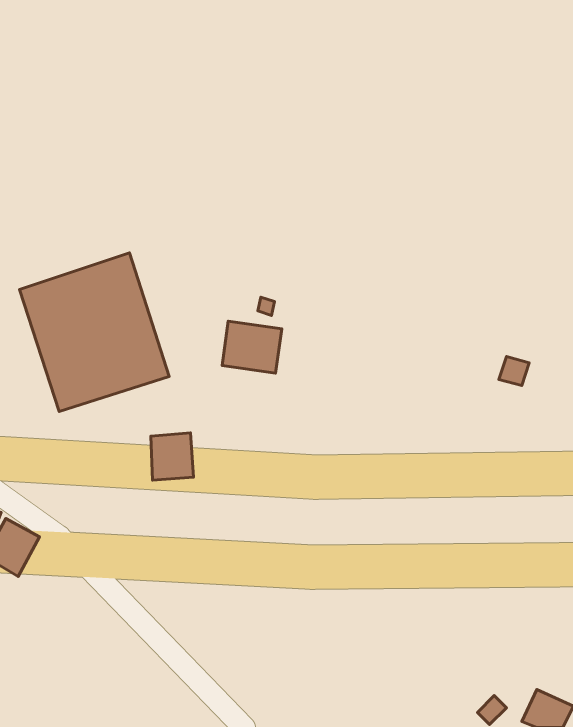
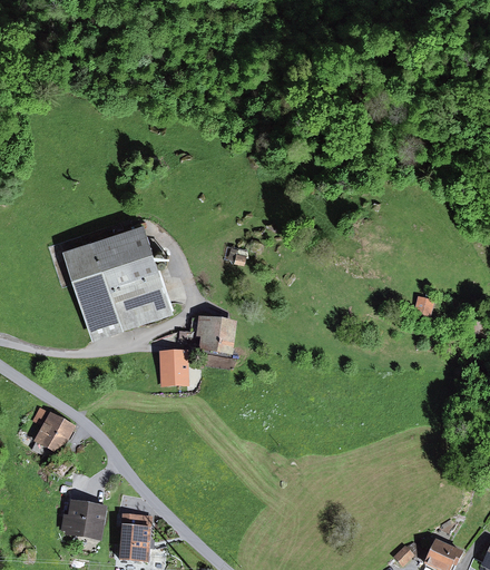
building: [222,321,282,373] -> [194,318,237,356]
building: none -> [59,502,107,540]
building: none -> [117,513,151,562]

